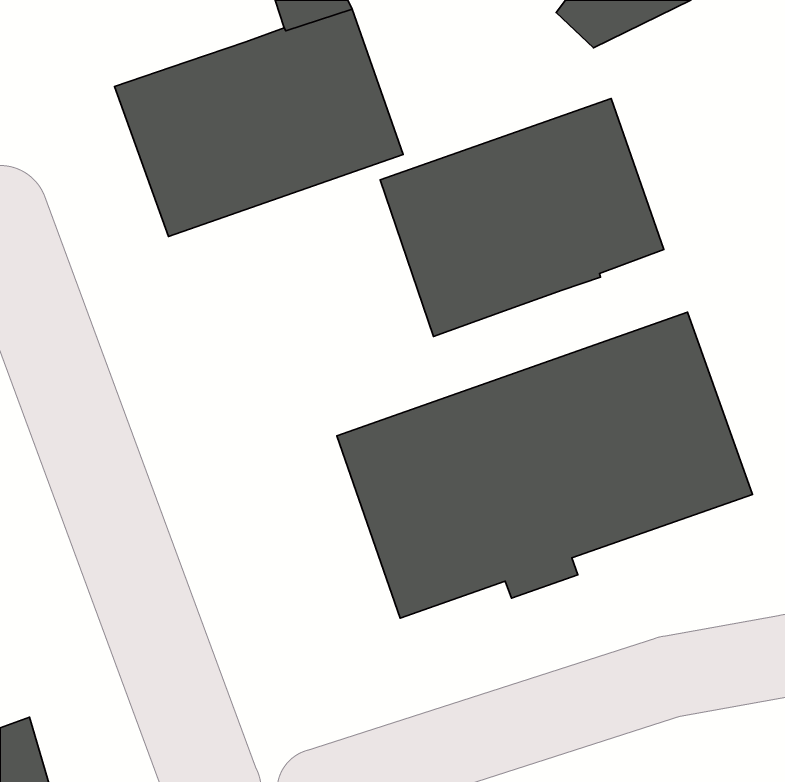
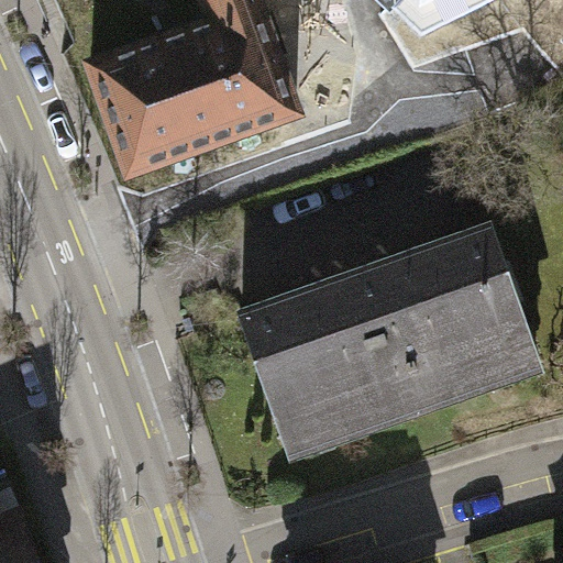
building: [380,98,664,336] -> none

